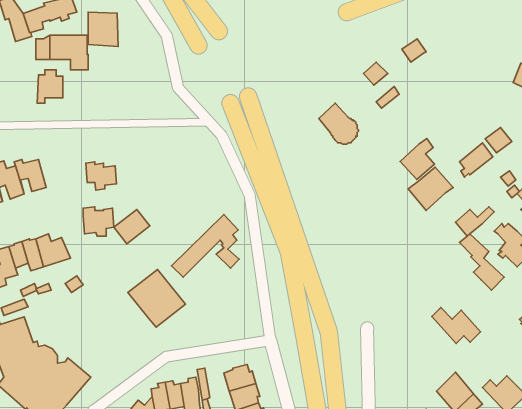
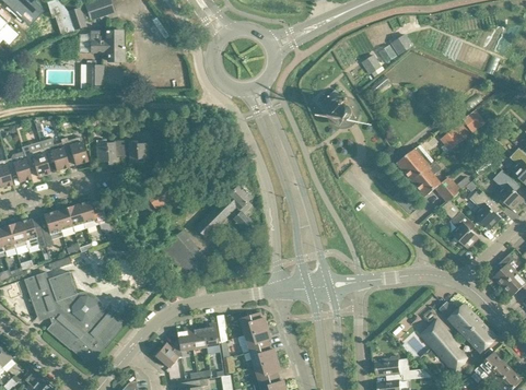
building: [88,12,118,47] -> none
building: [400,139,435,180] -> [412,161,442,196]
building: [83,207,114,236] -> [96,139,122,164]
building: [432,308,480,343] -> [440,300,481,331]

